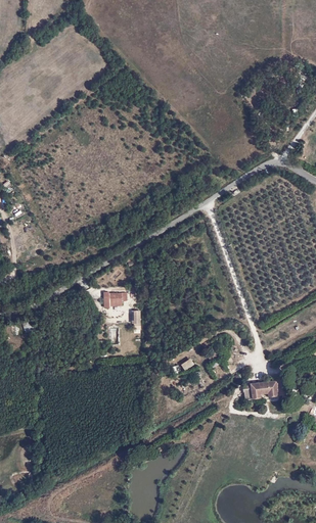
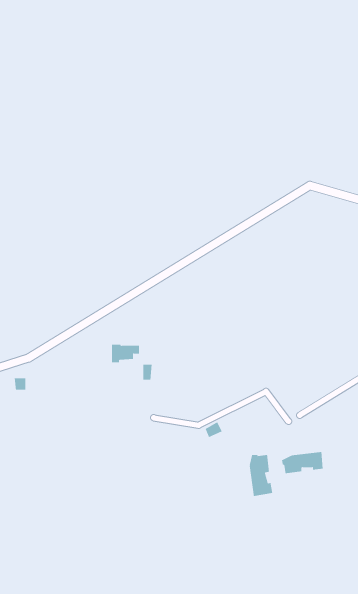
building: none -> [249,454,273,497]

